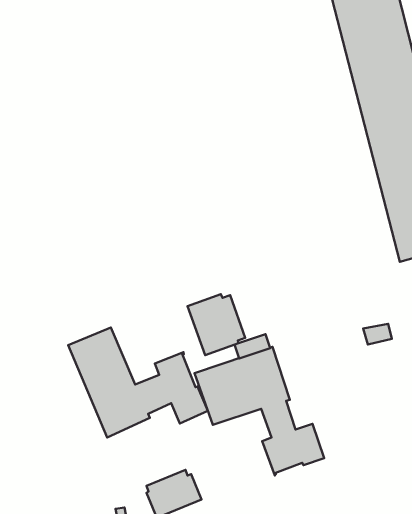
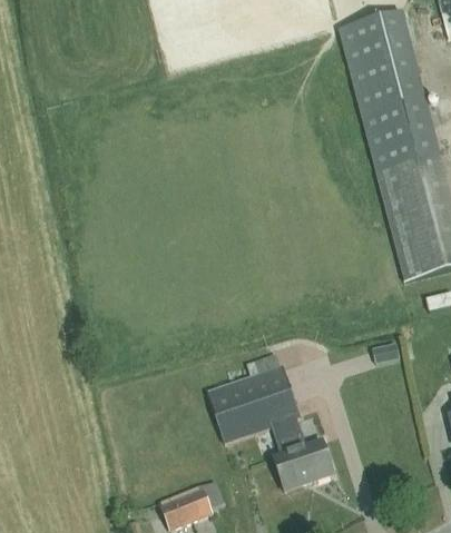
building: [188,294,245,355] -> none
building: [68,327,208,437] -> none

